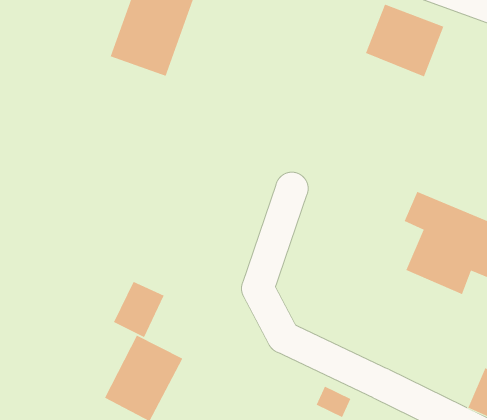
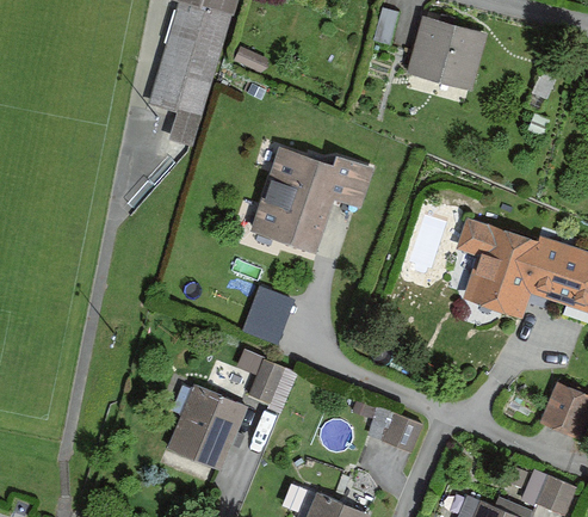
building: none -> [252,152,373,253]
building: [113,281,164,338] -> [248,279,298,337]
building: none -> [252,361,295,404]

